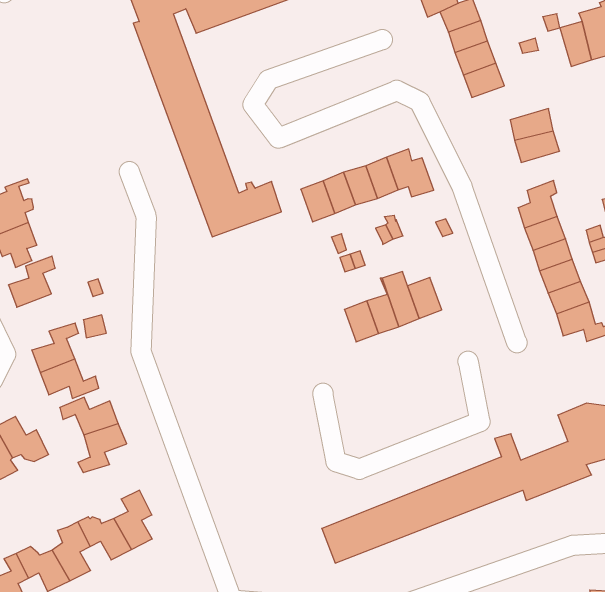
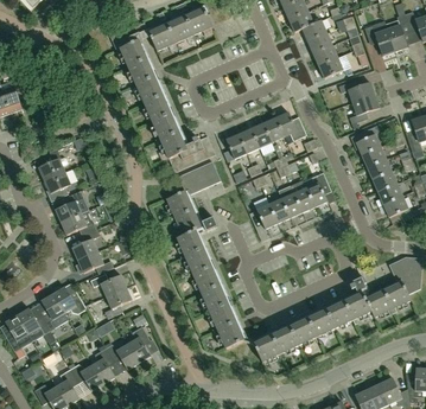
building: none -> [166,161,247,347]
building: none -> [306,172,335,206]
building: none -> [61,210,96,235]

